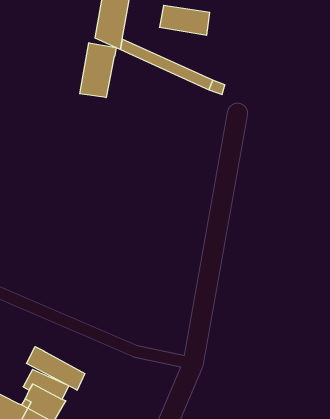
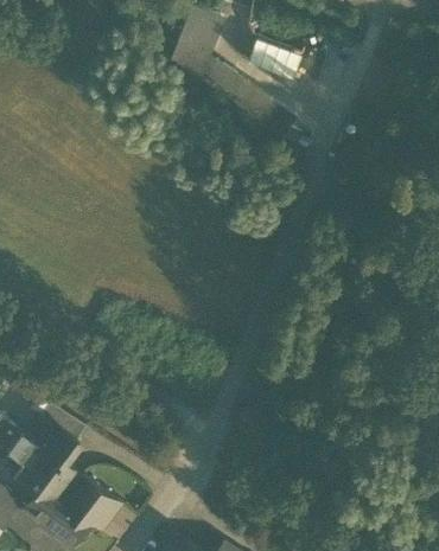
building: [80,43,116,98] -> none
building: [26,347,85,390] -> none

